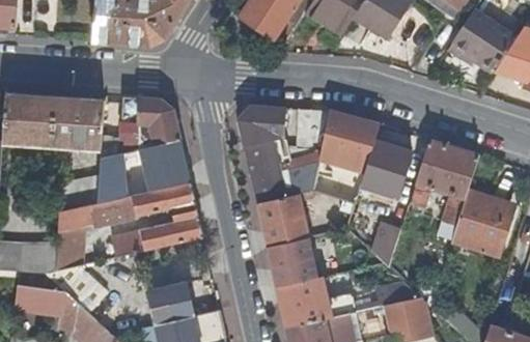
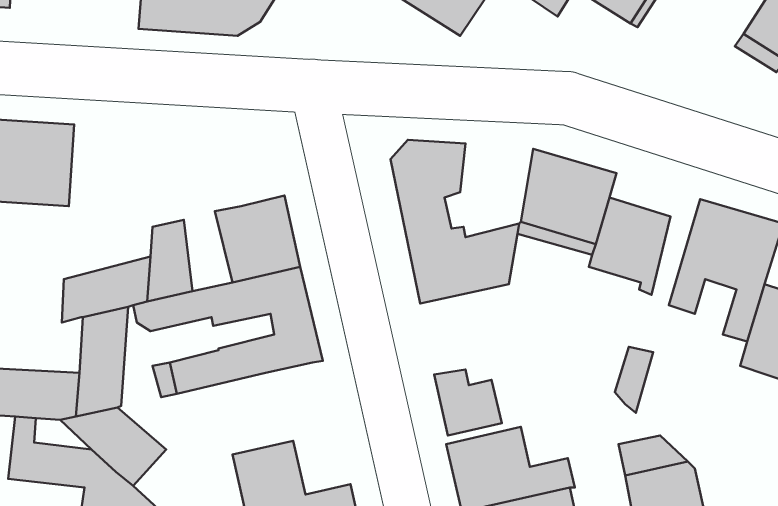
building: [121,95,179,145] -> none
building: [51,96,104,148] -> none
building: [297,108,323,139] -> none
building: [260,195,308,246] -> none

